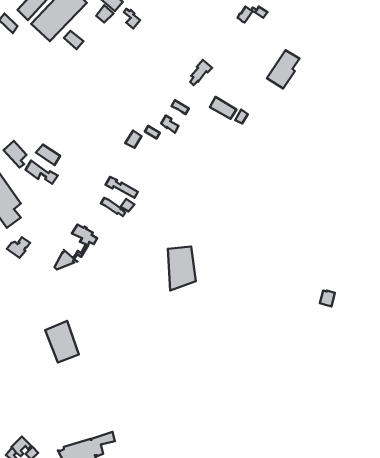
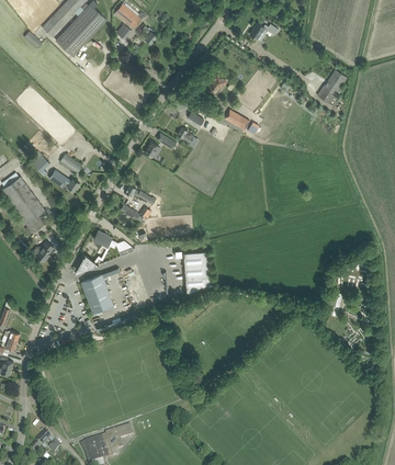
building: [267,50,299,89] -> [316,69,347,105]
building: [45,321,79,363] -> [80,273,112,313]

